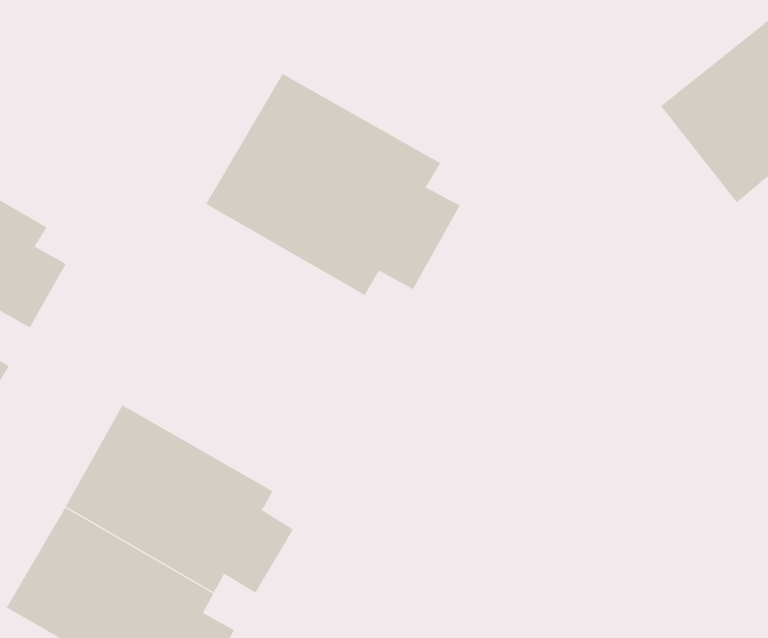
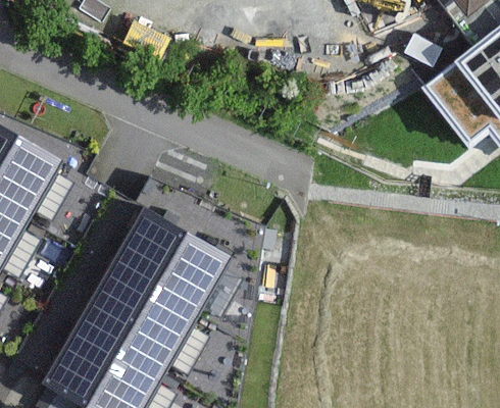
building: [205,73,460,296] -> none
building: none -> [109,205,244,315]

